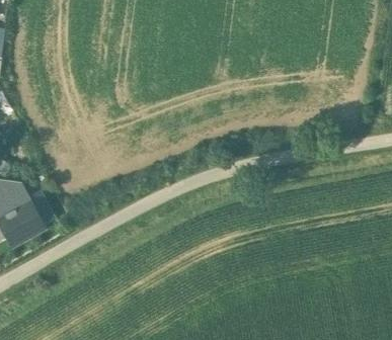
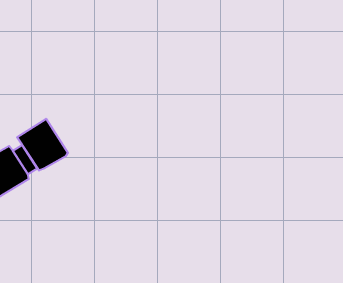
building: none -> [17,119,68,171]

